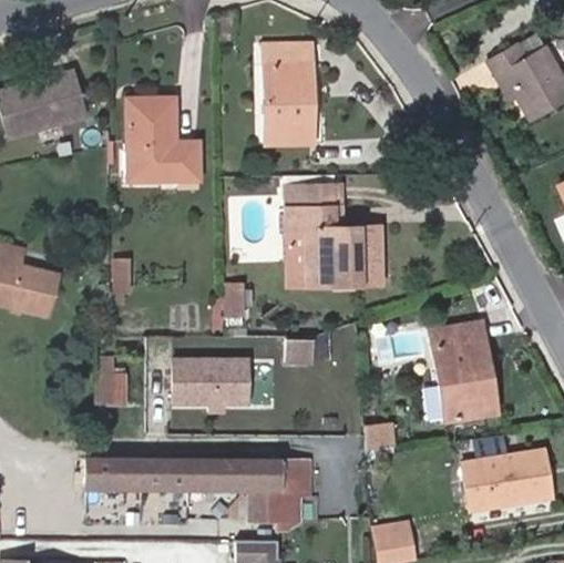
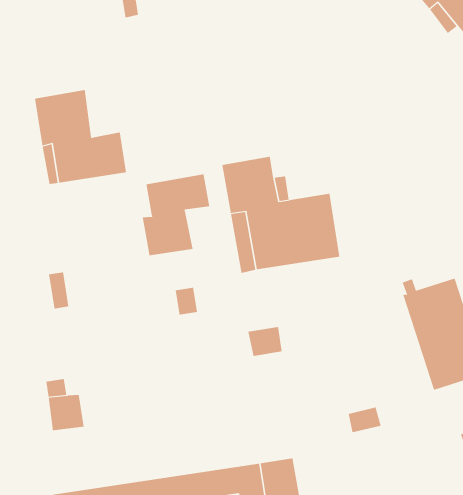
building: [264,42,312,144] -> none
building: none -> [142,173,210,256]
building: [172,356,254,410] -> none

